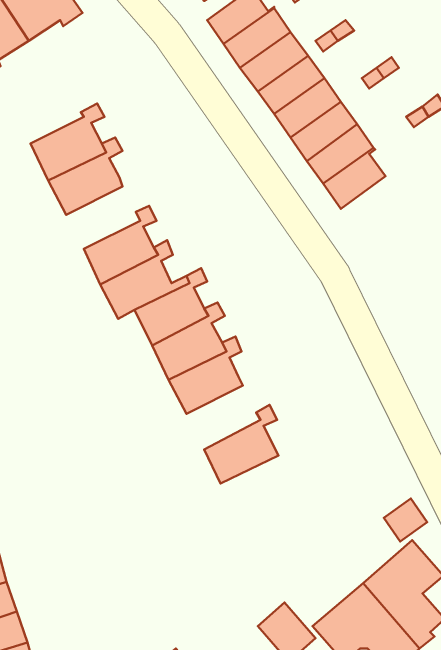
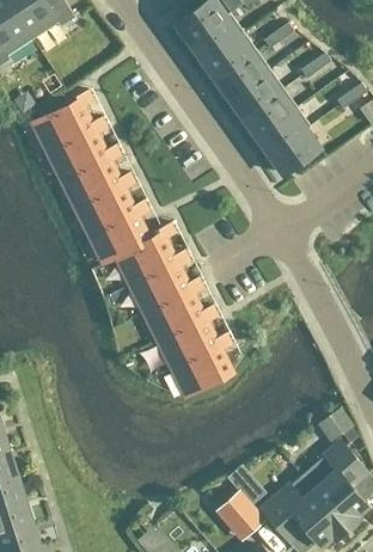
building: none -> [63,145,123,207]
building: none -> [160,305,220,368]

